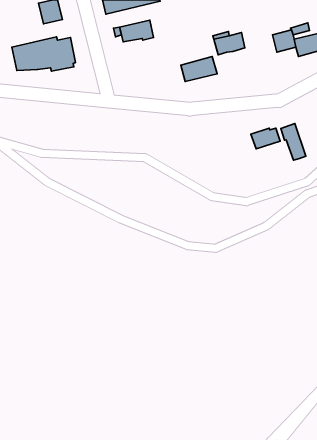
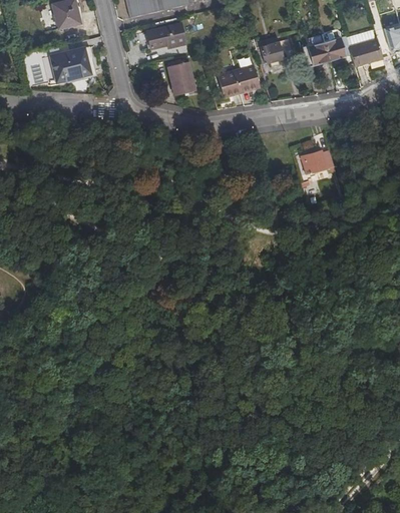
building: none -> [304,41,330,67]
building: none -> [166,63,198,97]
building: [281,123,306,160] -> none

